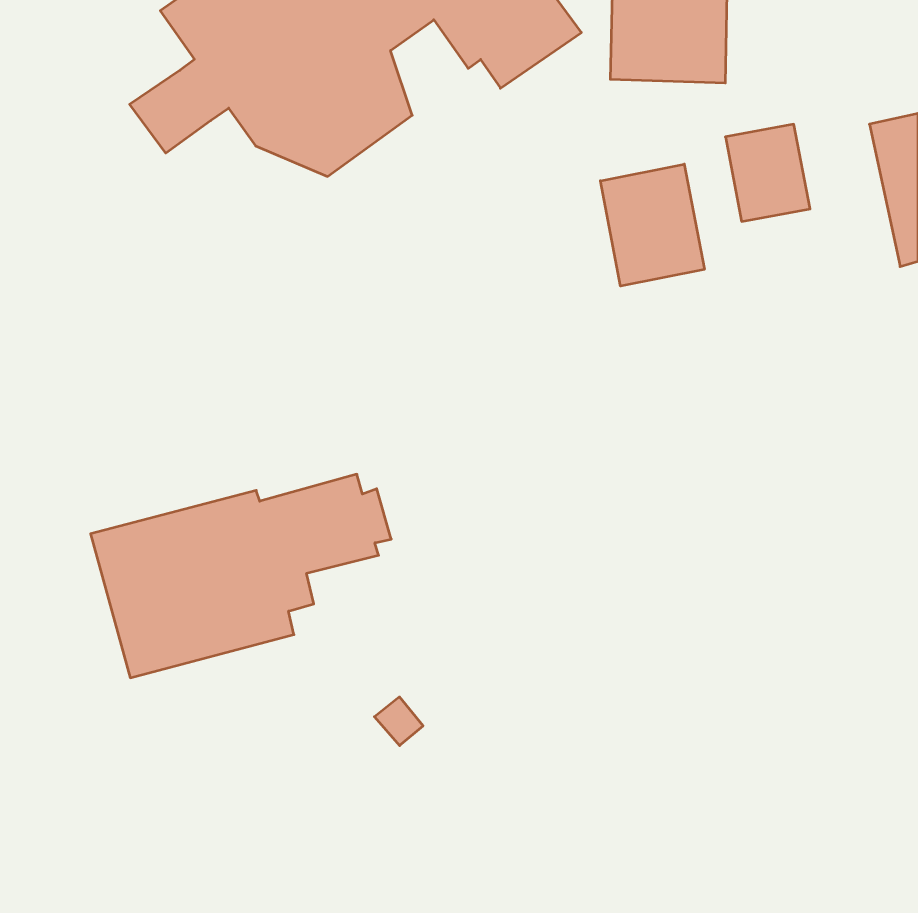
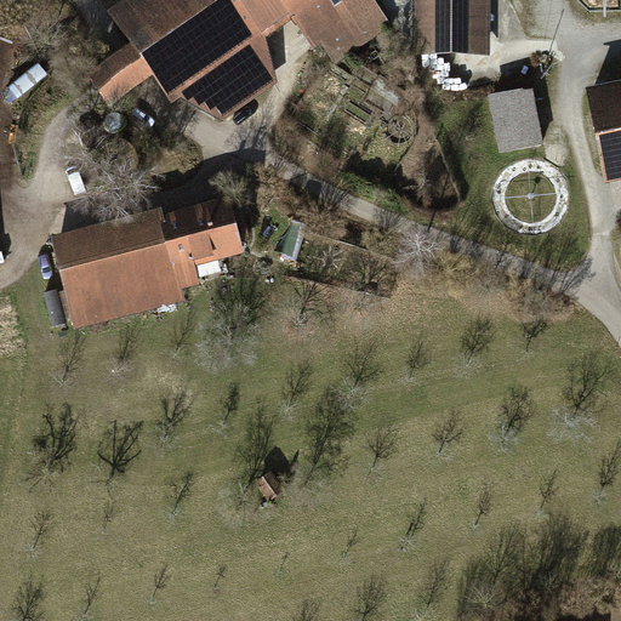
building: [600,164,704,286] -> none
building: [91,474,391,678] -> [50,194,252,331]

